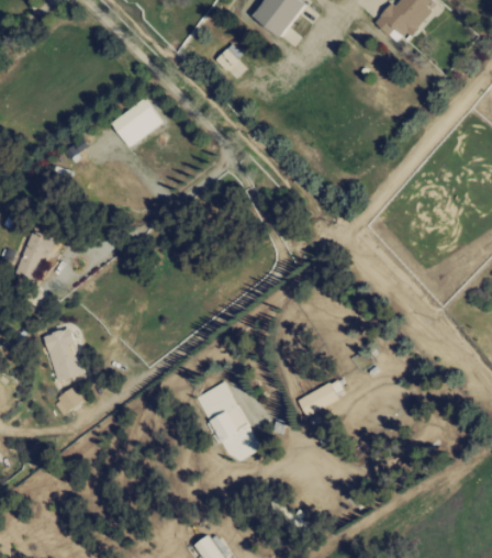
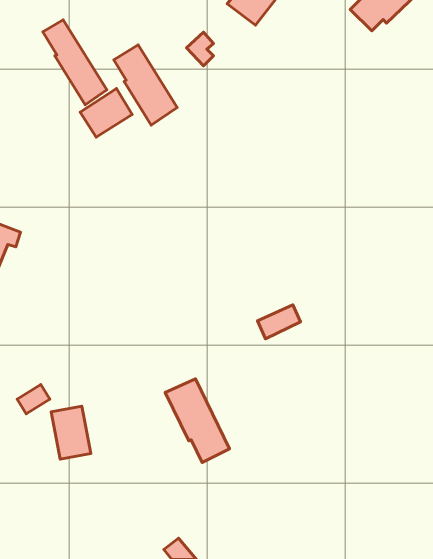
building: none -> [43,20,107,105]
building: none -> [114,45,177,125]
building: [45,327,83,379] -> [51,406,91,459]
building: [298,381,339,414] -> [258,305,301,339]

